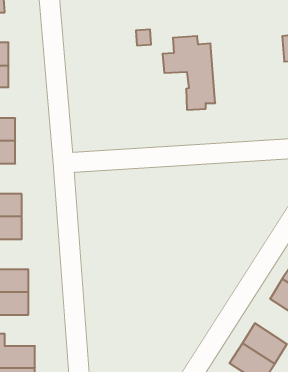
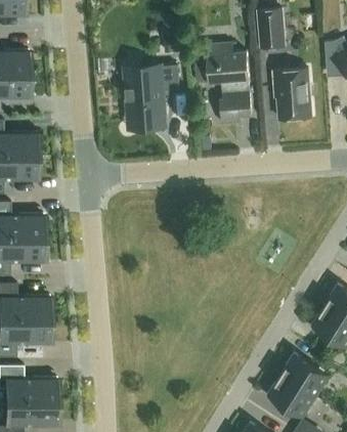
building: none -> [259,9,286,48]
building: none -> [125,66,180,122]
building: none -> [274,69,313,119]

